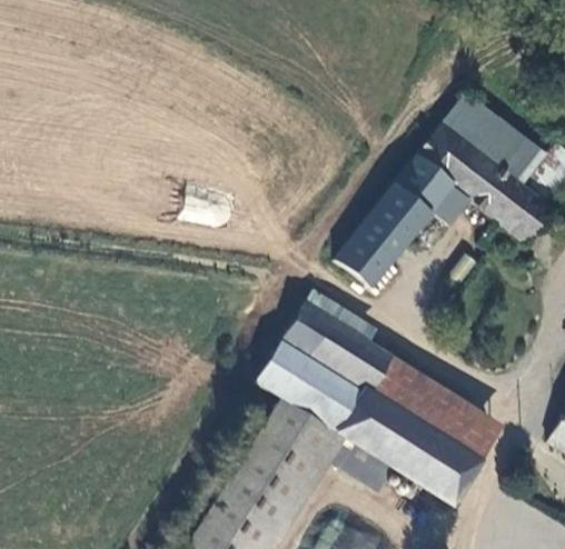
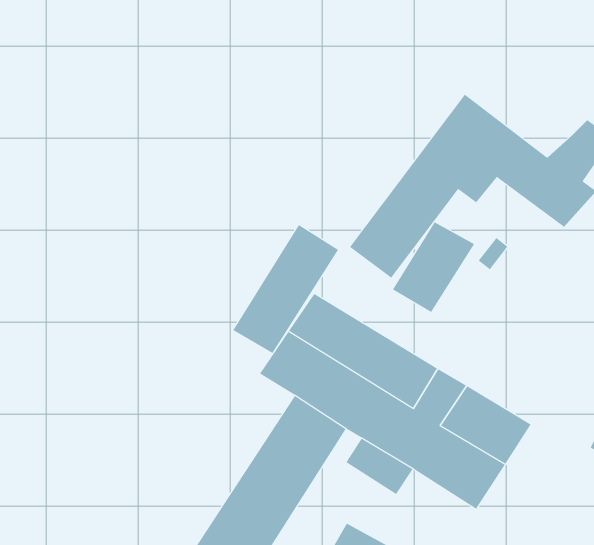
building: [442,97,539,178] -> none
building: none -> [392,221,475,313]
building: none -> [232,224,339,354]

